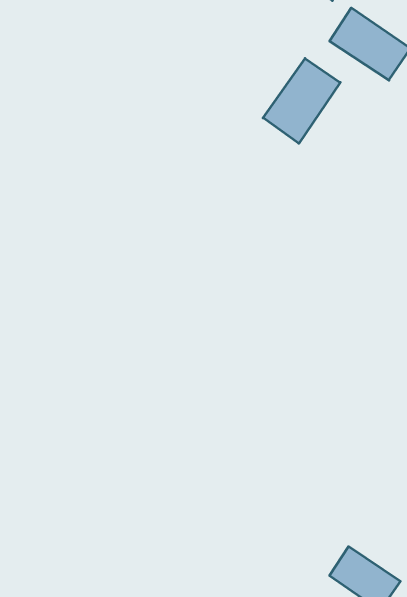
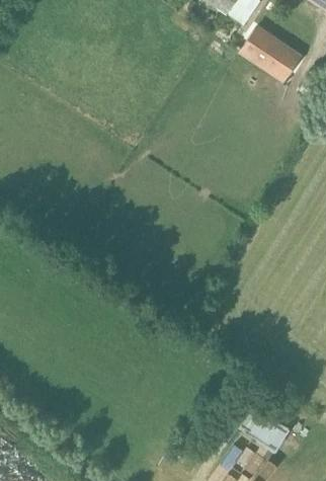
building: [263,58,340,143] -> none

